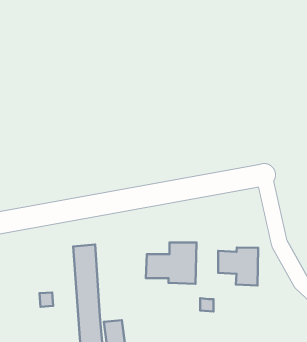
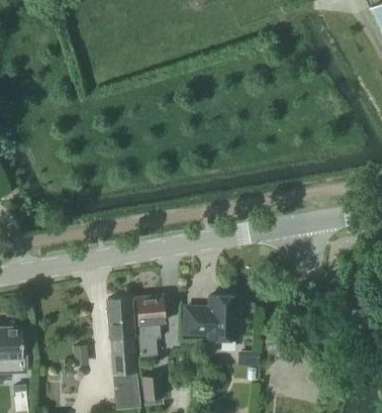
building: none -> [136,294,166,356]
building: [218,247,258,286] -> none

